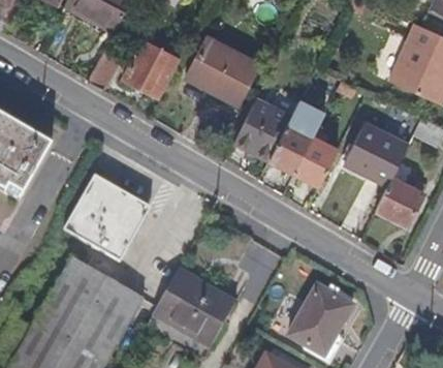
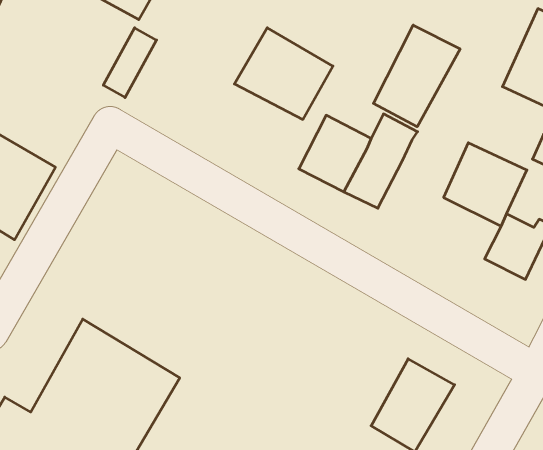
building: none -> [373,25,460,127]
building: [125,39,182,96] -> none
building: [295,136,338,185] -> none
building: [67,177,154,260] -> none
building: [151,271,235,350] -> none

